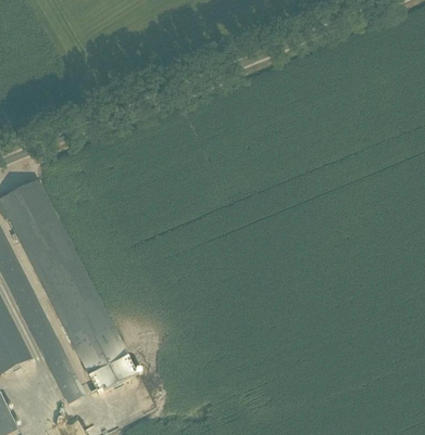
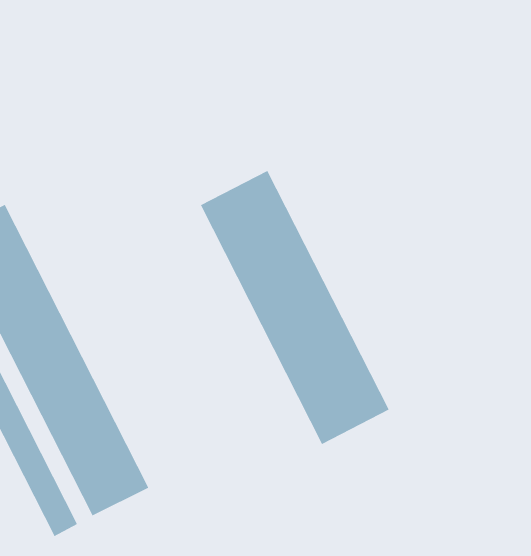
building: none -> [200,170,390,445]

